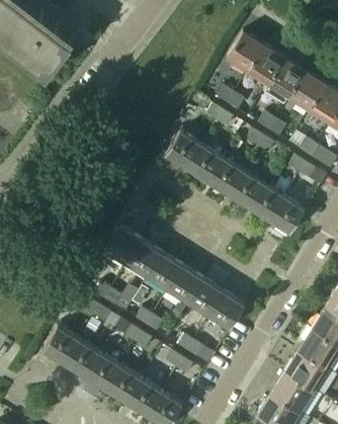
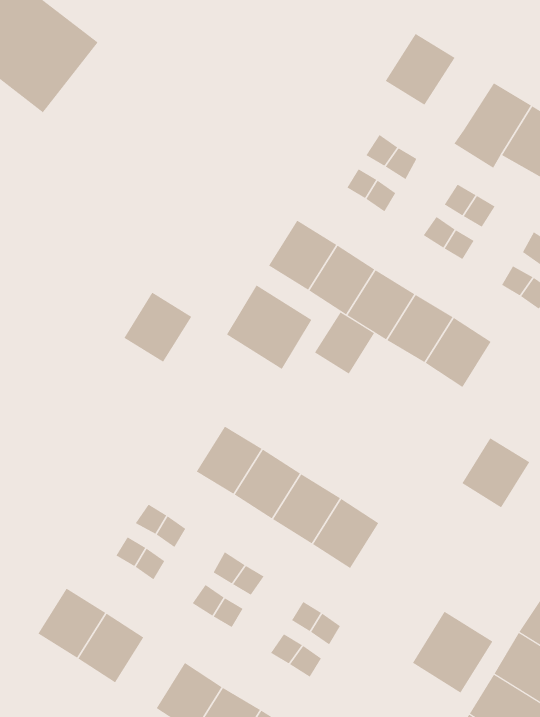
building: [248,47,284,85] -> none
building: none -> [226,285,312,370]
building: none -> [314,311,375,375]
building: [268,197,305,235] -> [461,437,530,508]
building: [105,229,142,266] -> [123,292,192,363]
building: [208,293,245,331] -> none
building: none -> [412,611,493,694]
building: [84,354,120,392] -> none

